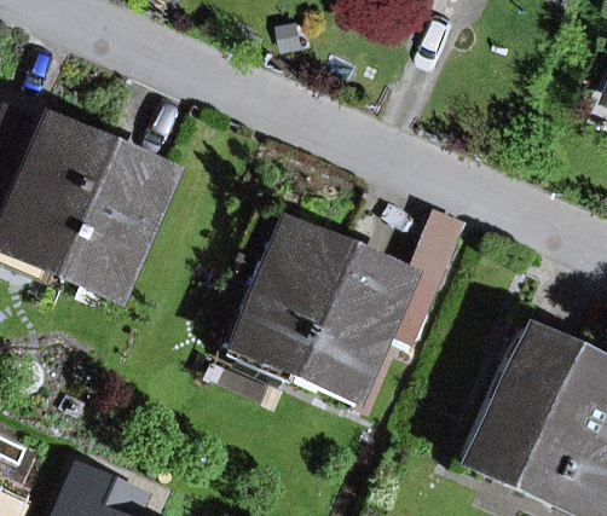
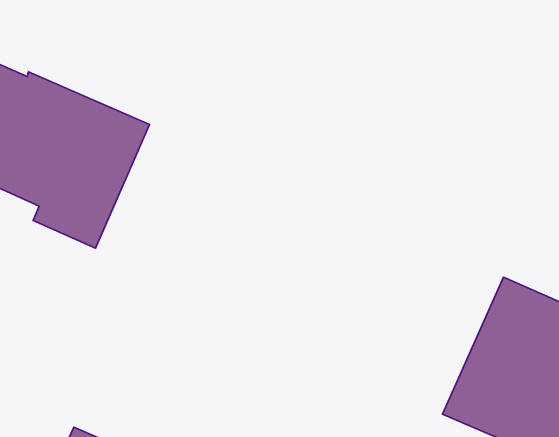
building: [236,225,432,399] -> none

